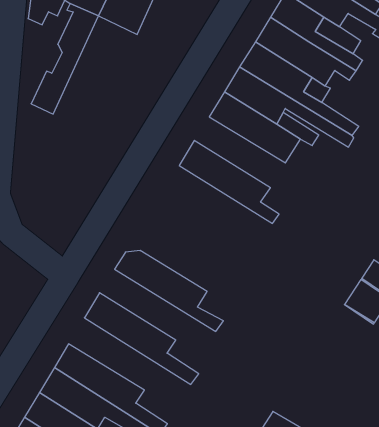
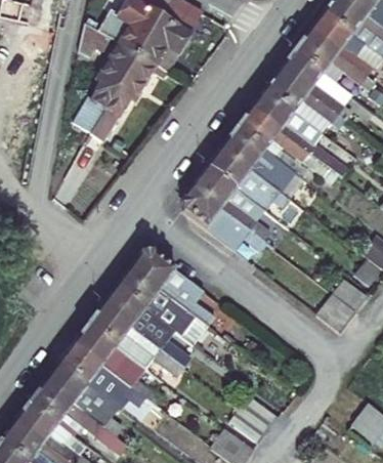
building: none -> [91,56,168,143]
building: none -> [207,149,292,212]
building: none -> [182,186,268,252]
building: none -> [117,267,210,346]
building: none -> [87,305,185,378]

